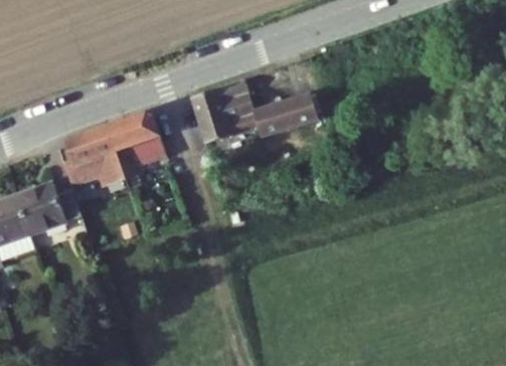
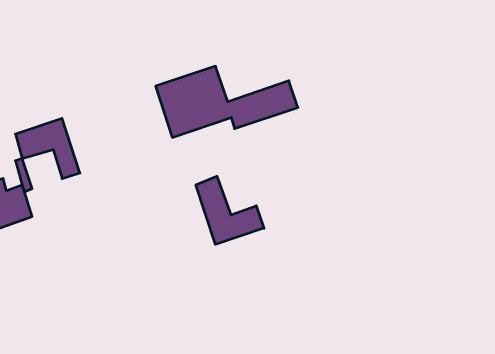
building: [105,114,163,178] -> none
building: none -> [196,176,264,244]

